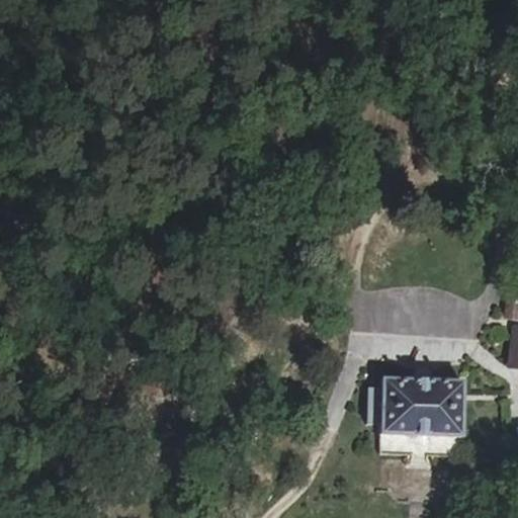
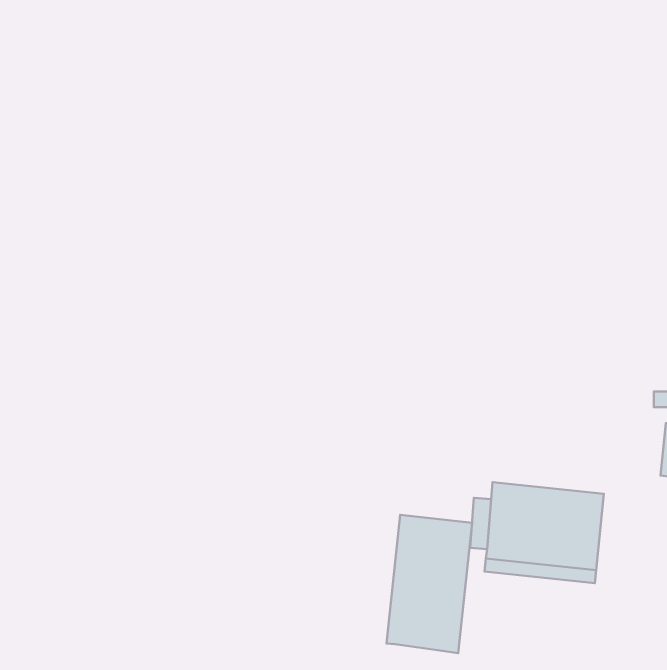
building: none -> [386,515,472,653]

